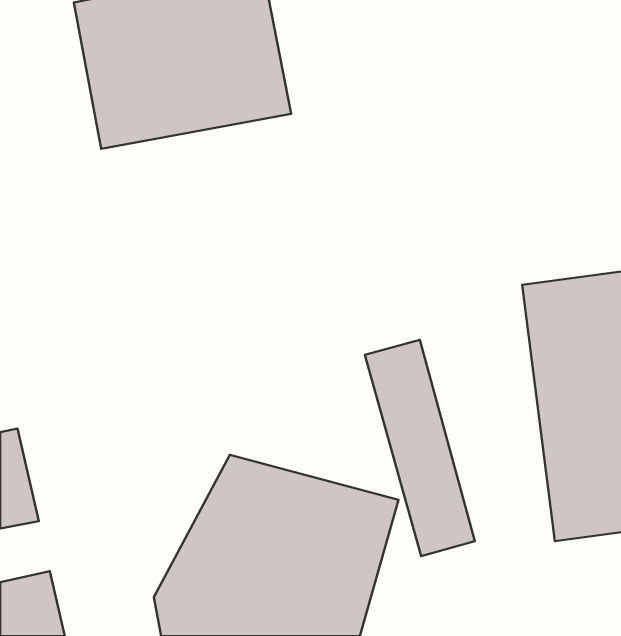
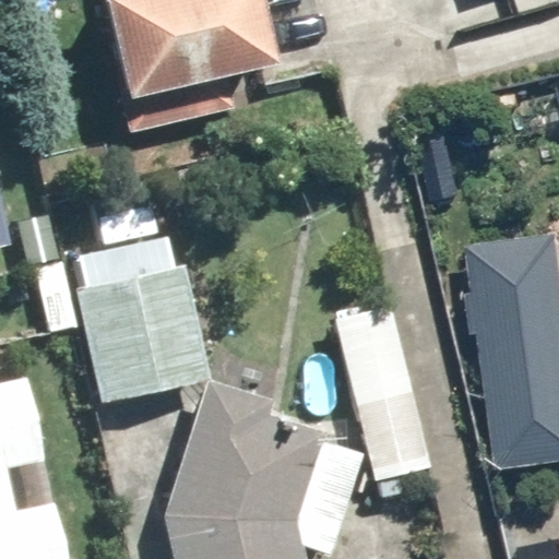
building: none -> [66,231,192,405]

